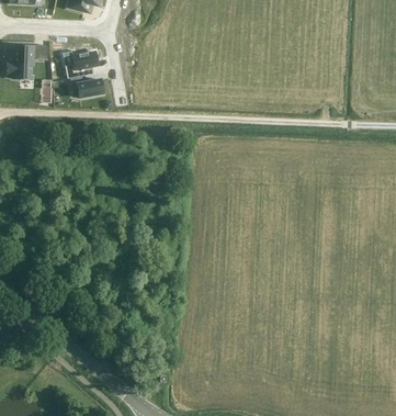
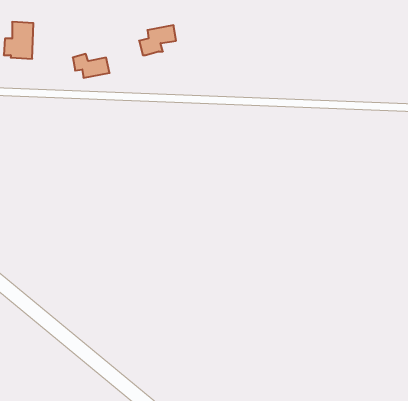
building: [64,50,98,78] -> [139,25,176,55]

